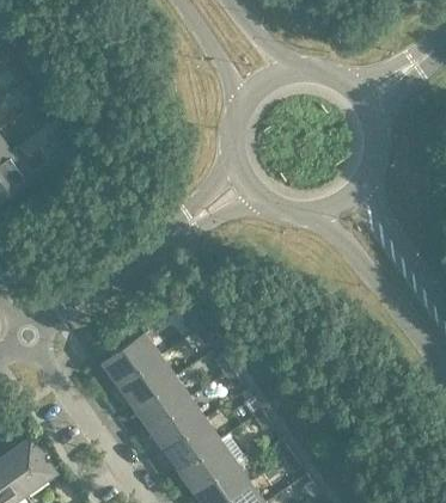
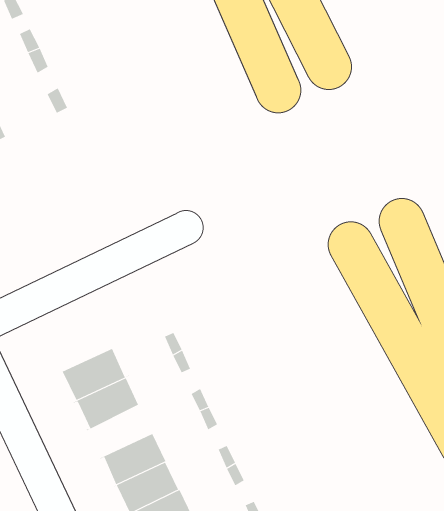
building: [134,376,191,428] -> none

